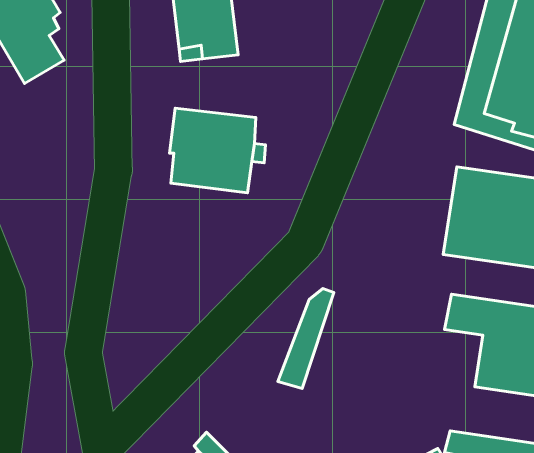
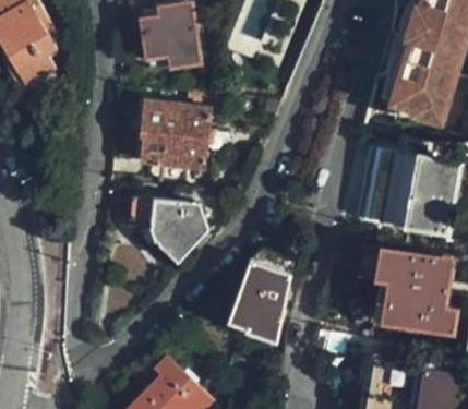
building: none -> [135,199,208,263]
building: none -> [248,251,296,340]

